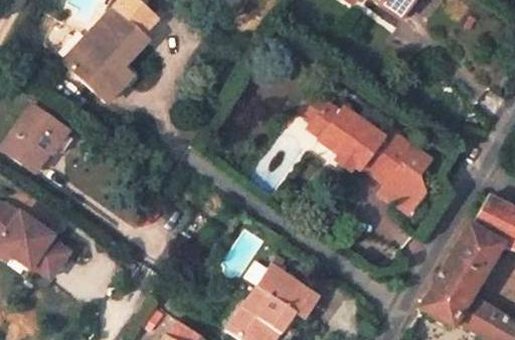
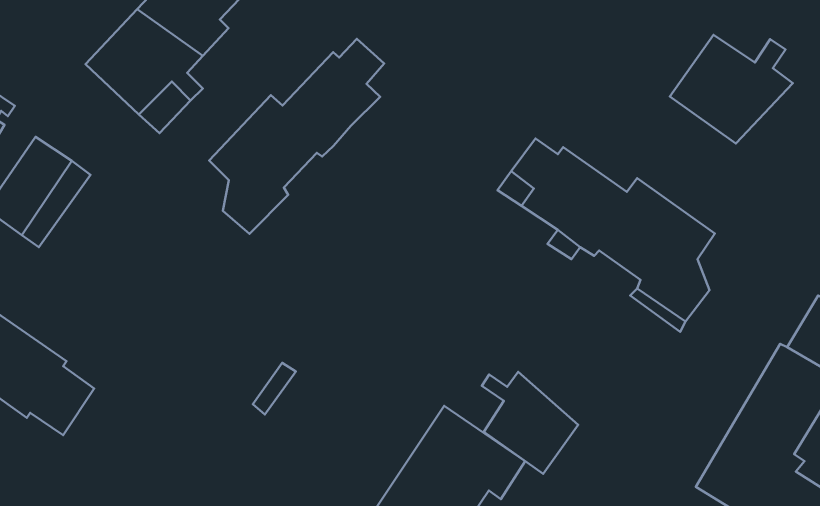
building: none -> [670,35,793,143]
building: none -> [209,39,384,234]
building: none -> [482,372,578,474]

